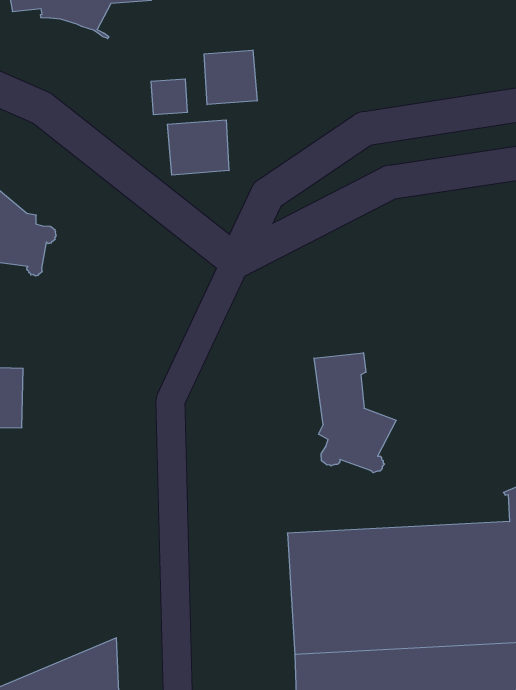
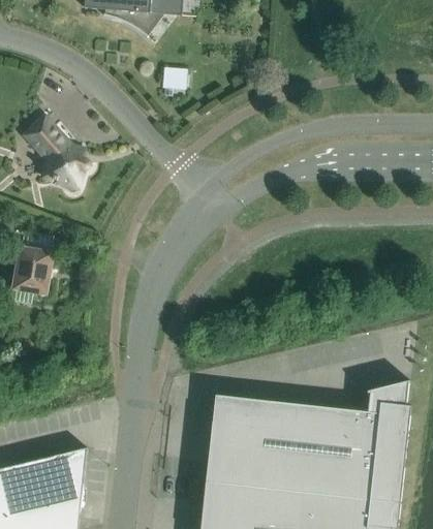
building: [204,50,257,105] -> none
building: [167,120,229,175] -> none
building: [314,353,396,473] -> none

